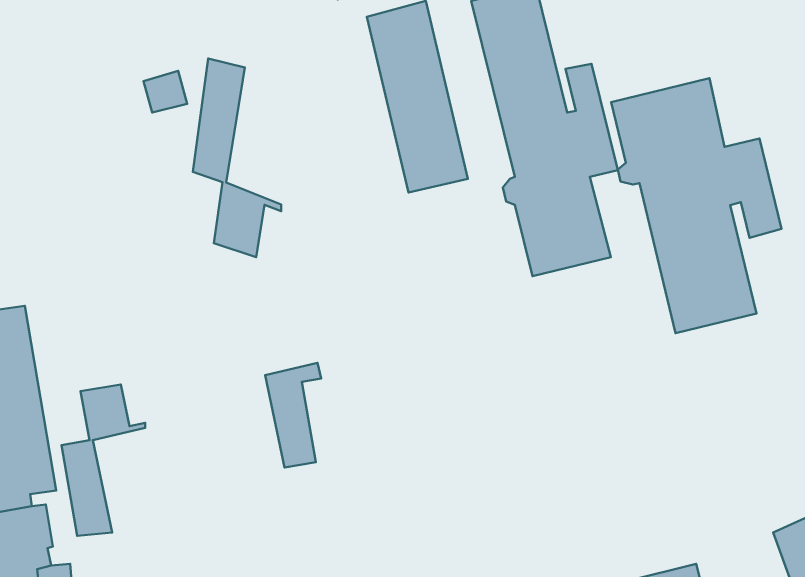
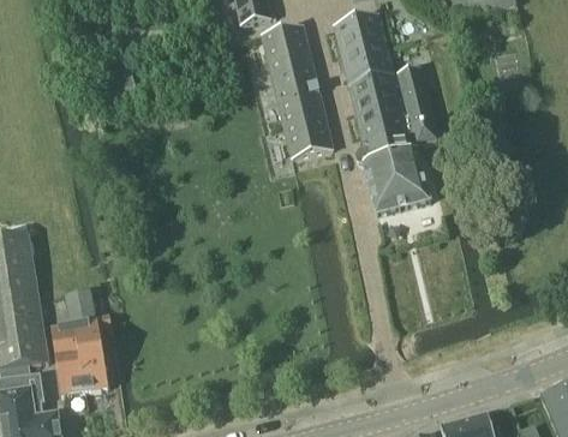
building: [193,58,281,257] -> none
building: [611,78,782,333] -> none
building: [265,363,321,467] -> [73,319,112,391]

